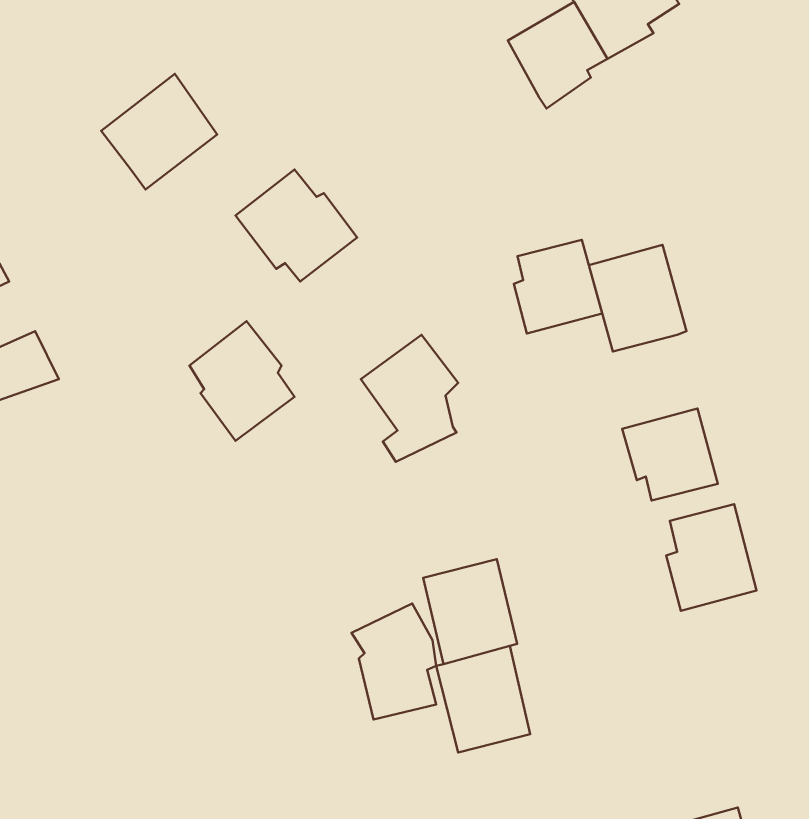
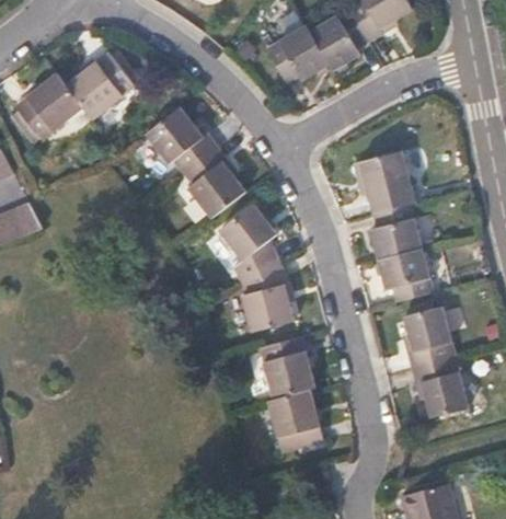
building: none -> [265,23,327,82]
building: none -> [18,70,84,139]
building: [514,240,602,334] -> [369,205,422,261]
building: [189,321,294,441] -> [185,147,248,218]
building: none -> [412,357,470,415]
building: [352,603,436,719] -> [242,263,292,332]

